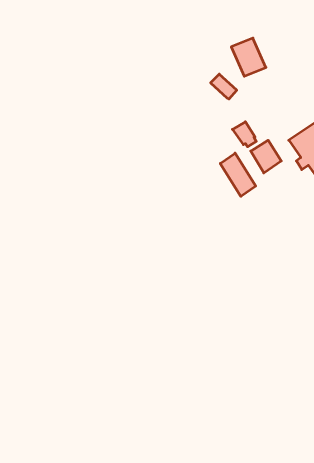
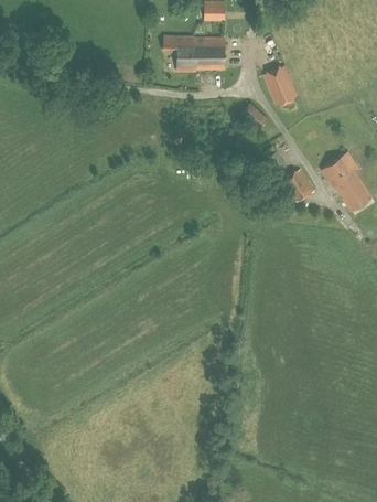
building: none -> [163,36,224,72]
building: [220,153,256,196] -> none

